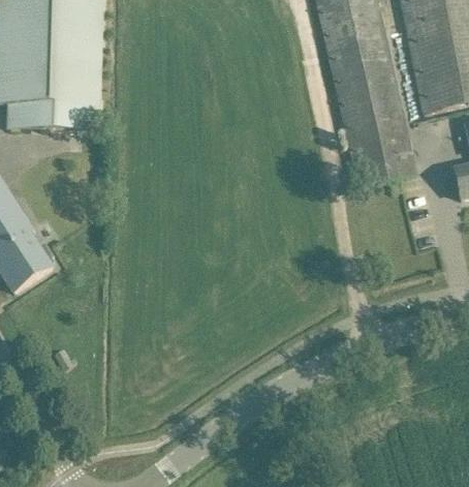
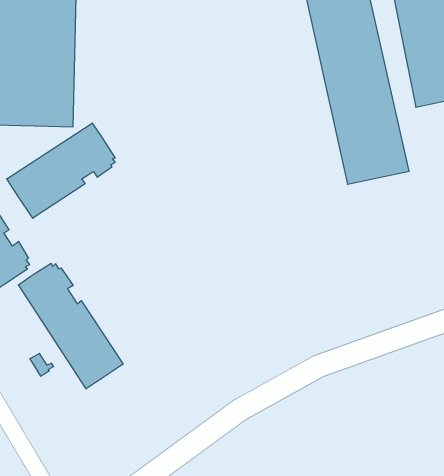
building: none -> [7,123,115,218]
building: none -> [18,263,123,389]

